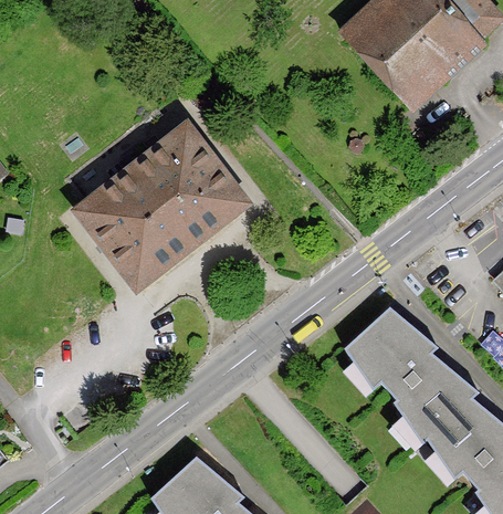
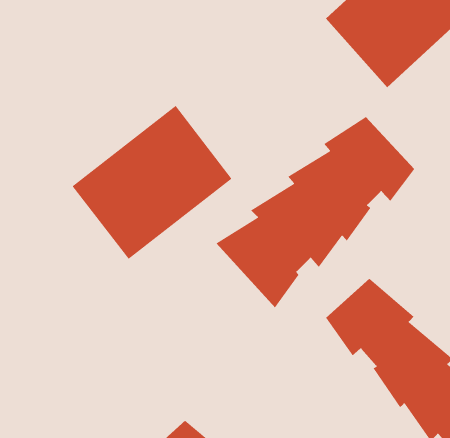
building: none -> [215,116,415,308]

